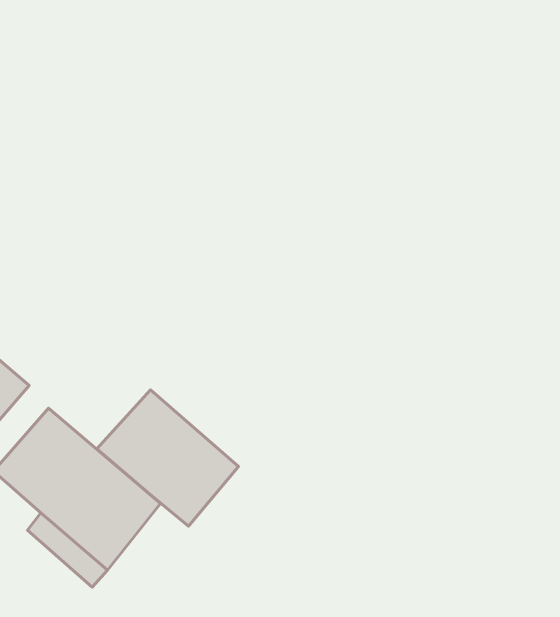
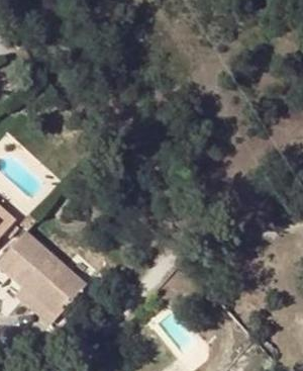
building: [97,390,239,526] -> none

